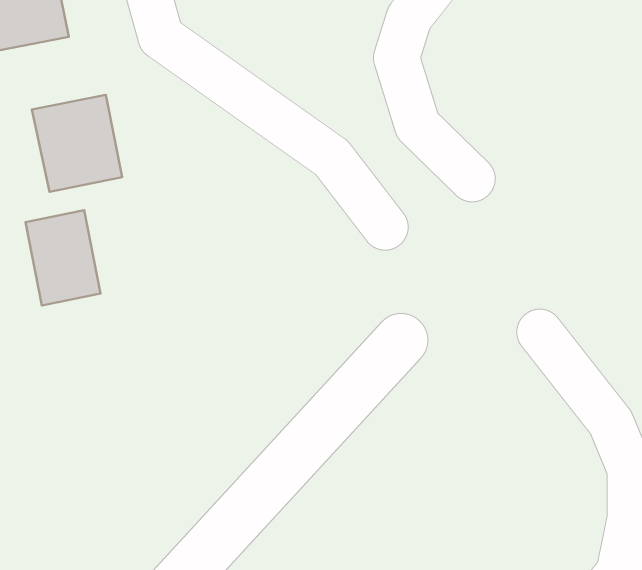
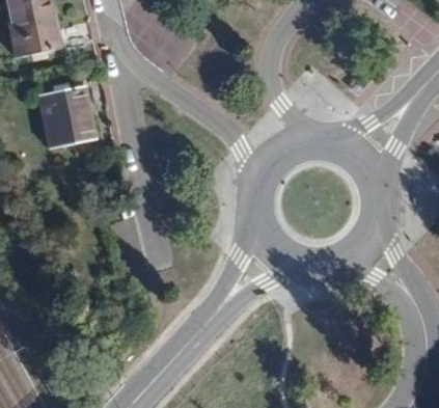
building: [25,210,100,306] -> none

